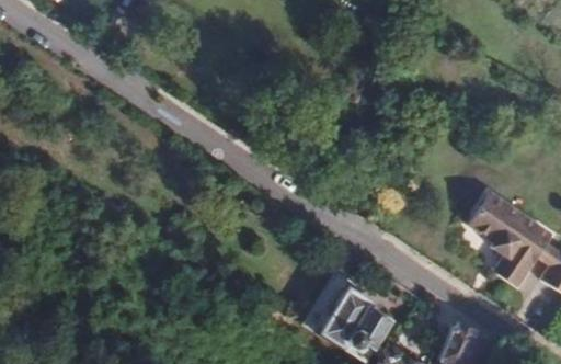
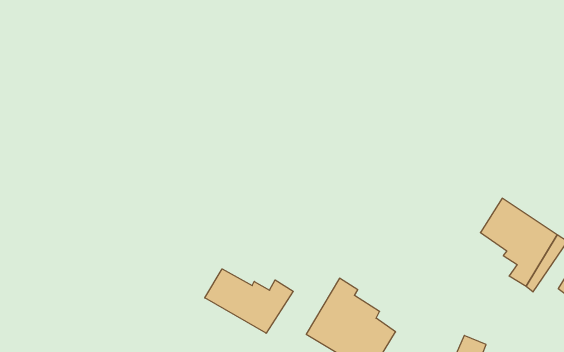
building: none -> [205,269,293,333]

